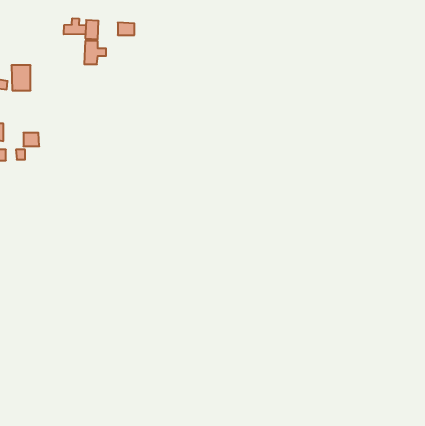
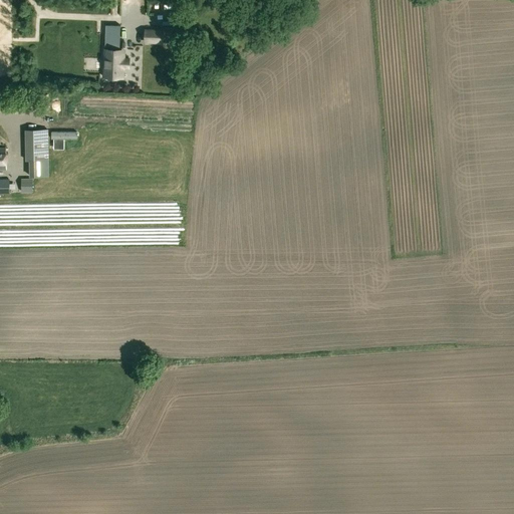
building: [64,18,86,35] -> none
building: [11,65,31,90] -> [23,131,46,161]

